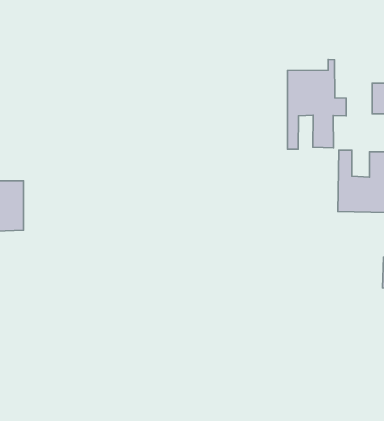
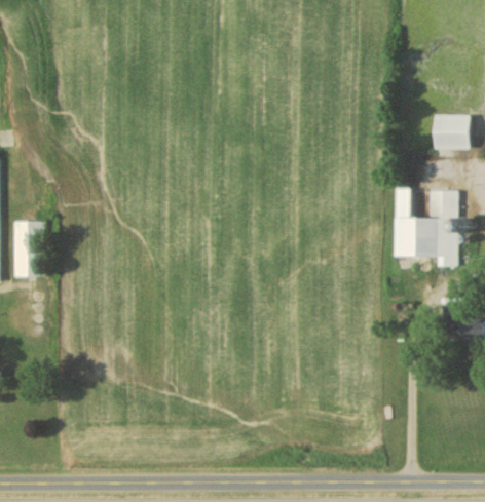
building: [288,60,346,149] -> none

